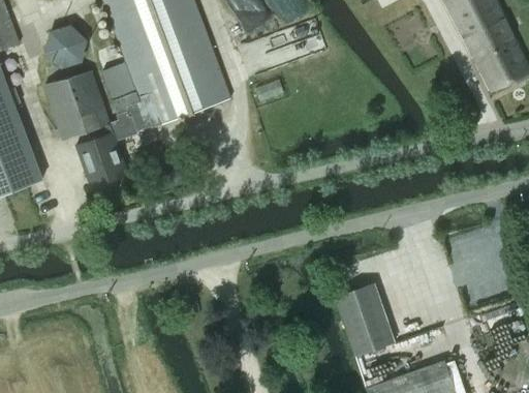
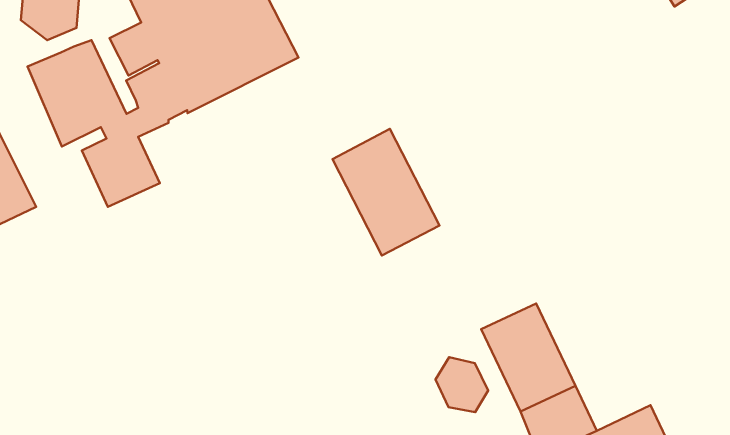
building: none -> [332,129,439,256]
building: none -> [435,357,488,412]

